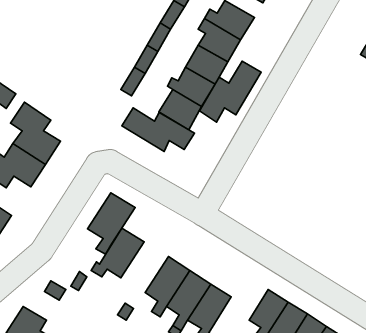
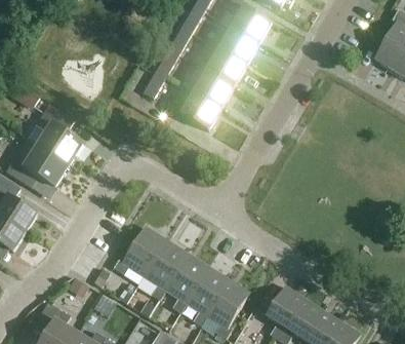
building: [200,61,261,122] -> none
building: [122,108,194,152] -> none
building: [87,193,135,254] -> [143,240,189,300]

